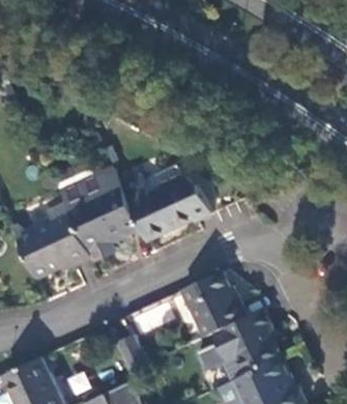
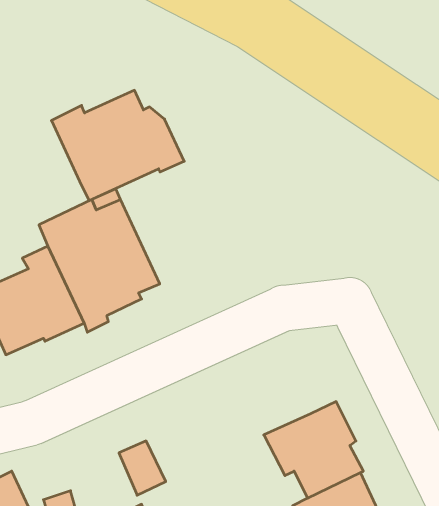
building: [120,166,211,241] -> [51,90,184,201]
building: [180,273,244,340] -> none
building: [126,301,170,335] -> none

